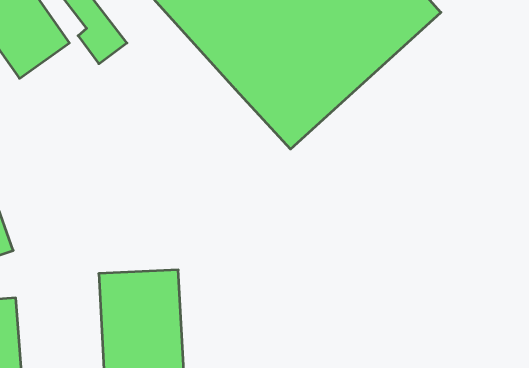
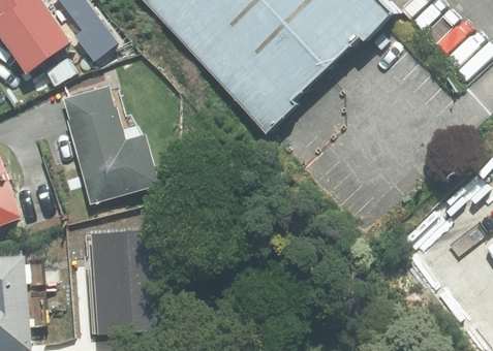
building: none -> [64,86,159,203]

